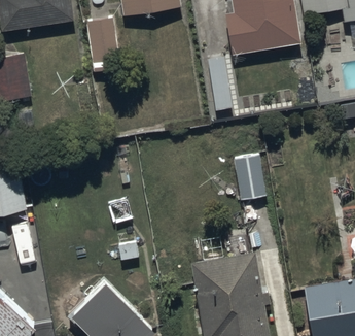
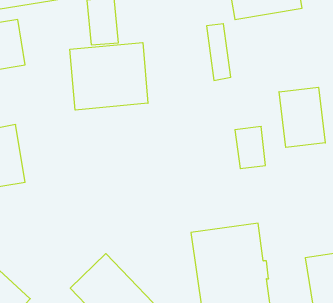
building: none -> [70,43,148,110]
building: none -> [279,87,325,147]

